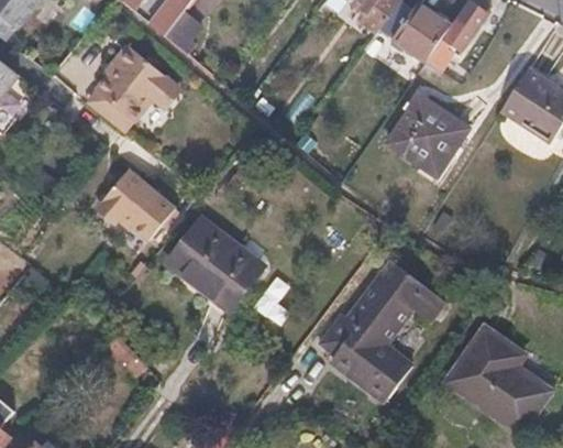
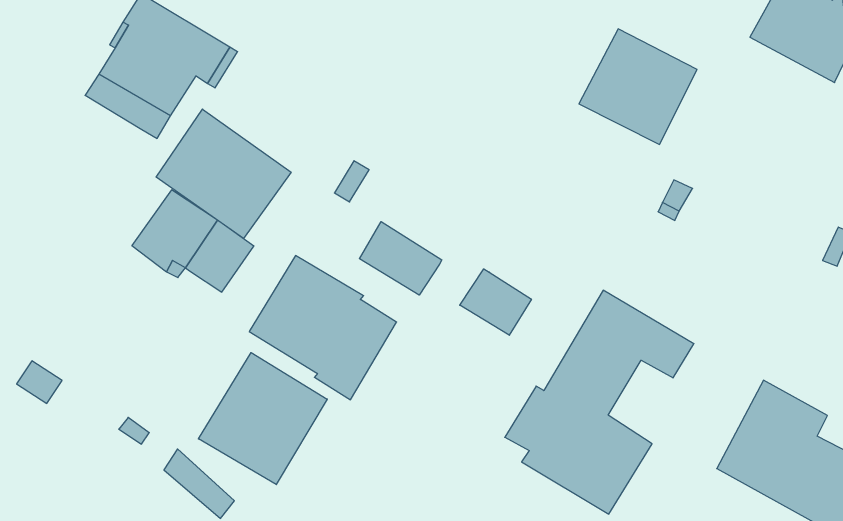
building: none -> [156,109,291,239]
building: none -> [359,222,442,295]
building: none -> [460,269,531,335]
building: none -> [198,353,327,485]

